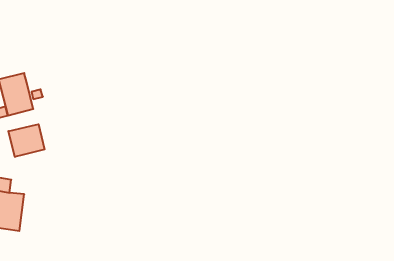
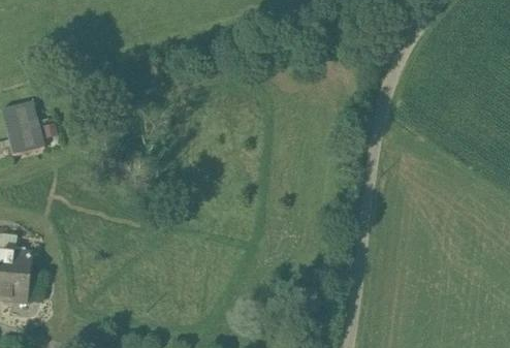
building: [8,124,45,157] -> none

